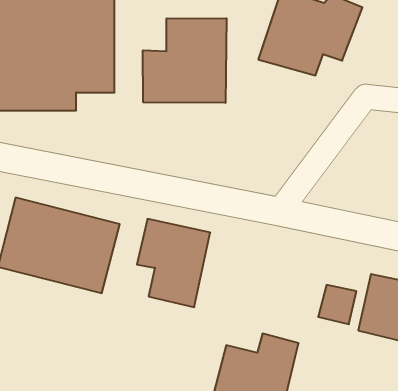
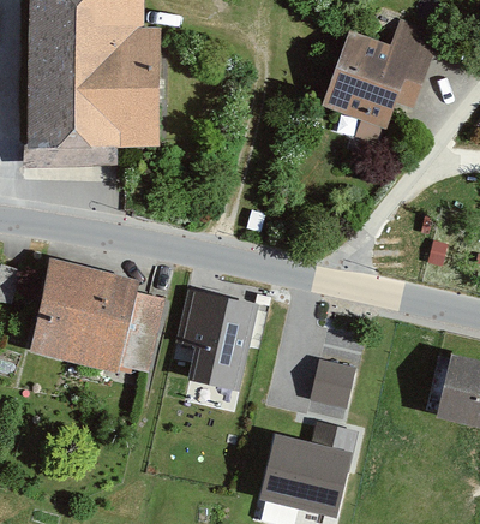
building: [143,18,227,103] -> none
building: [318,285,356,324] -> [316,361,359,405]

